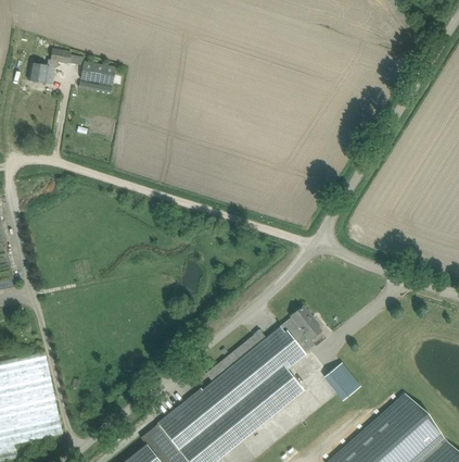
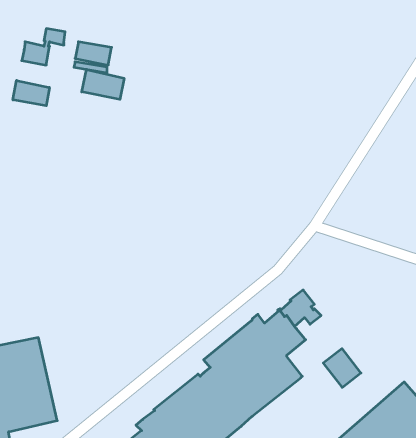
building: none -> [82,69,124,99]
building: none -> [13,80,49,106]

